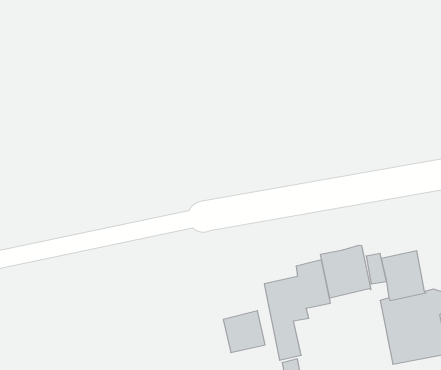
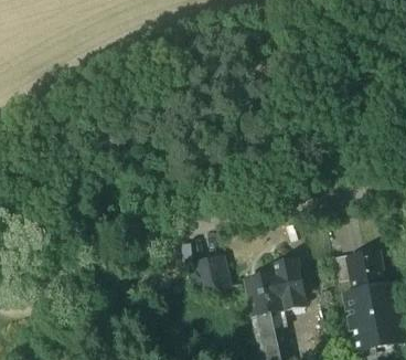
building: [321,245,371,298] -> none
building: [223,311,265,353] -> [193,254,229,290]

